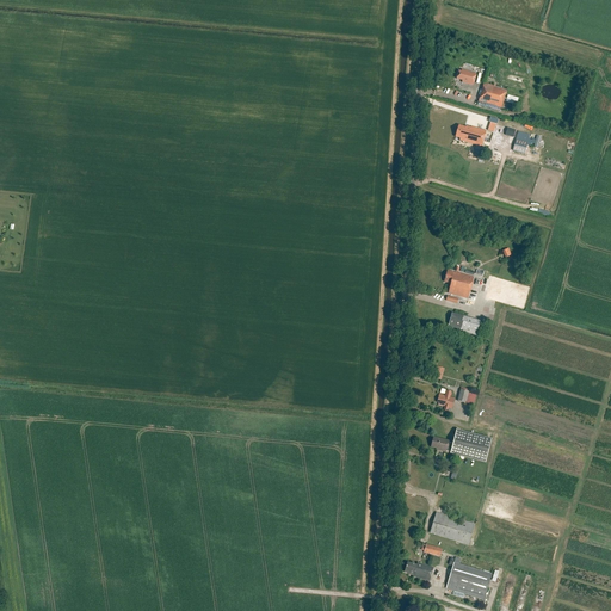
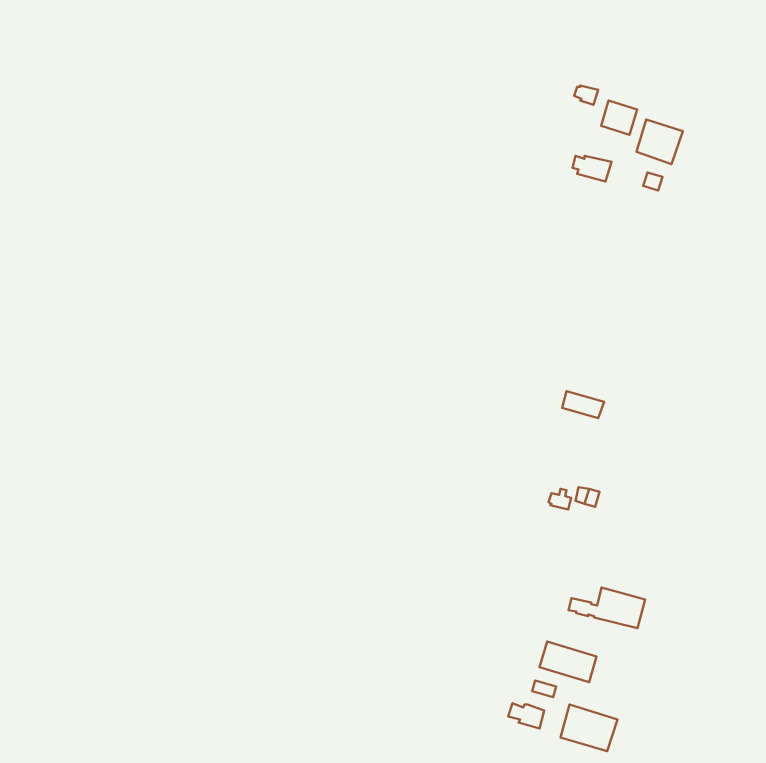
building: none -> [636,120,683,164]
building: [444,269,474,297] -> none
building: [431,427,492,459] -> [569,588,645,628]

